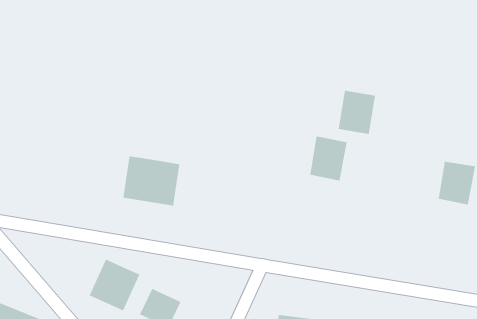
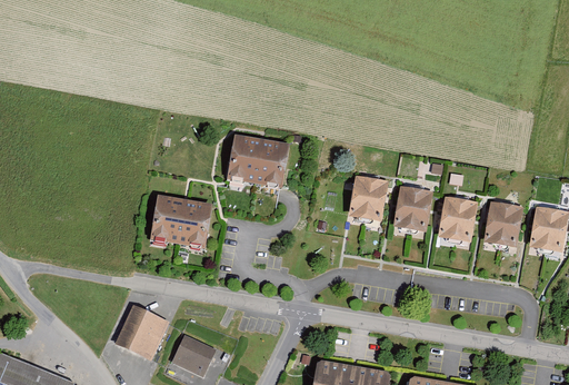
building: [338,90,376,134] -> [393,185,433,231]
building: none -> [222,137,286,190]
building: none -> [439,195,479,241]

